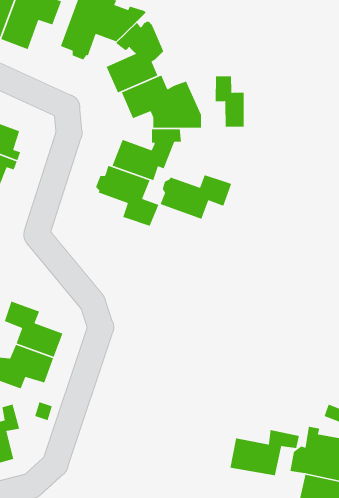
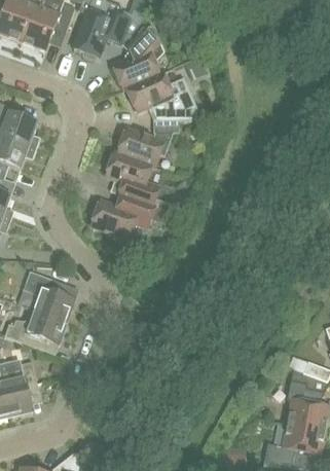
building: [215,75,245,128] -> none
building: [160,174,232,220] -> [91,197,155,238]
building: [229,429,300,476] -> none

